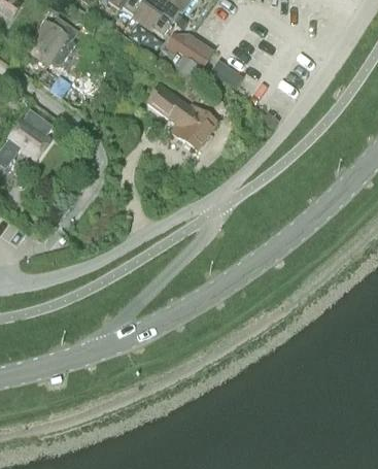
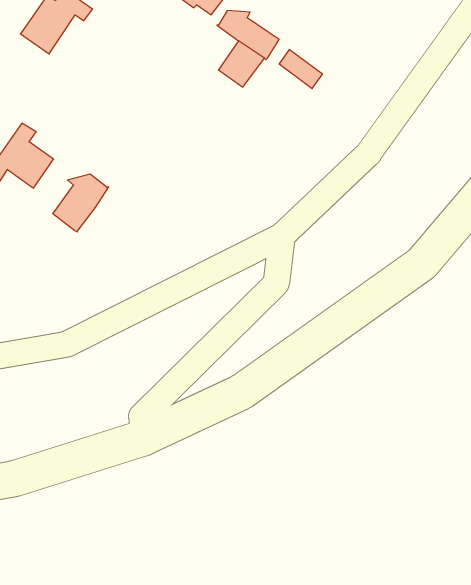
building: [148,85,217,149] -> none
building: none -> [53,174,109,232]

